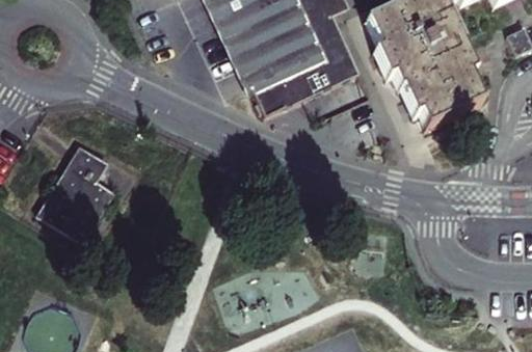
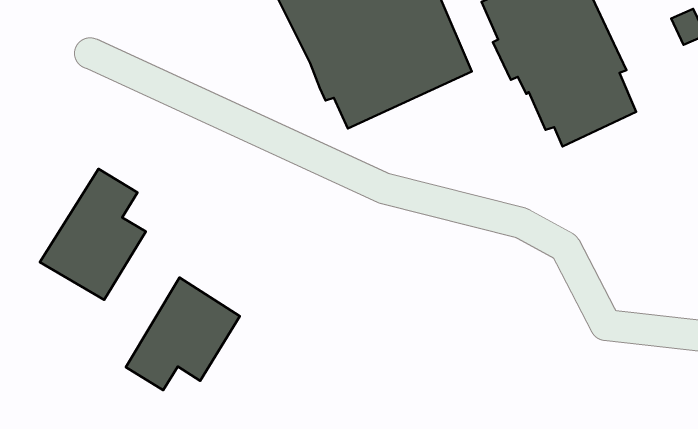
building: none -> [126,278,240,390]

